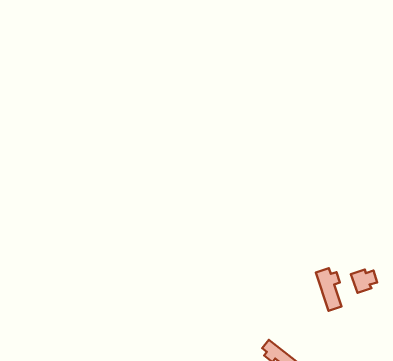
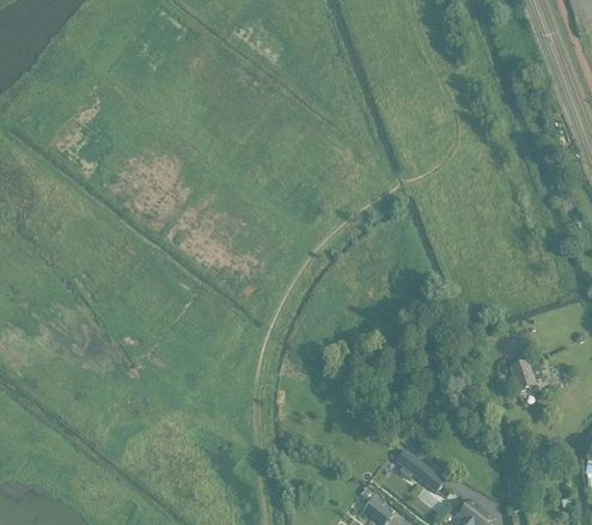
building: [316,268,341,311] -> none

